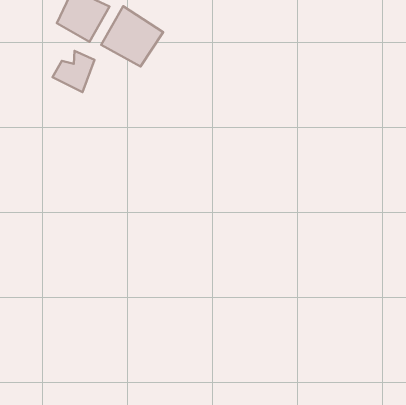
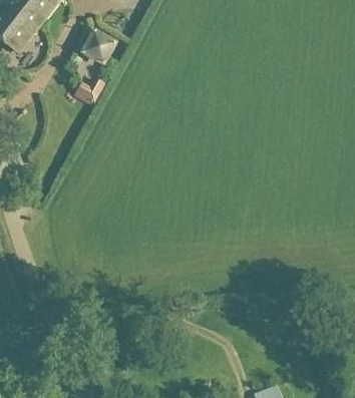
building: [101,6,163,66] -> none

